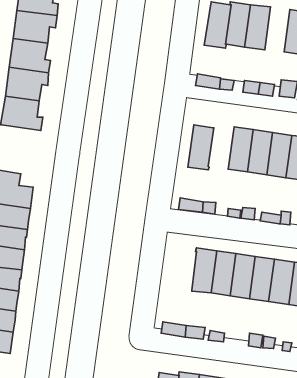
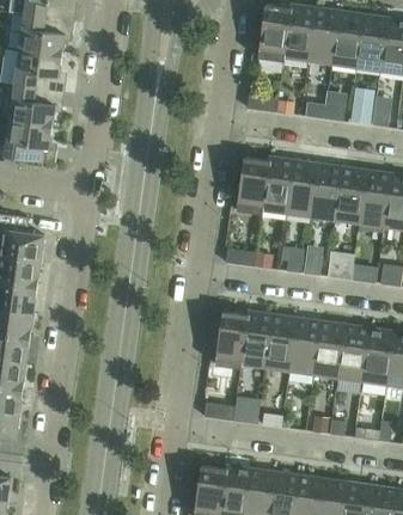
building: none -> [331,11,362,67]
building: none -> [261,157,293,213]
building: none -> [214,312,246,368]

